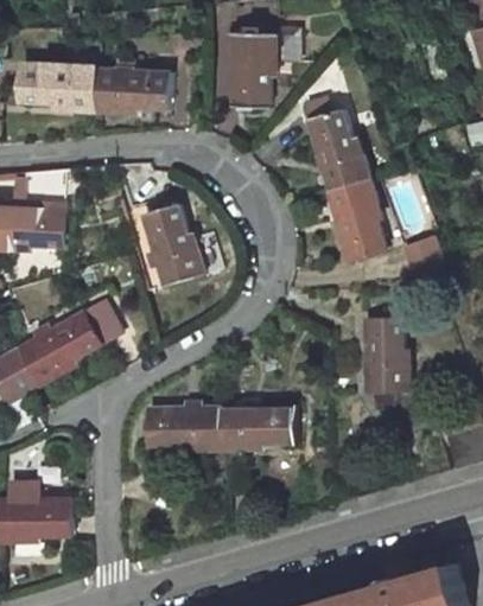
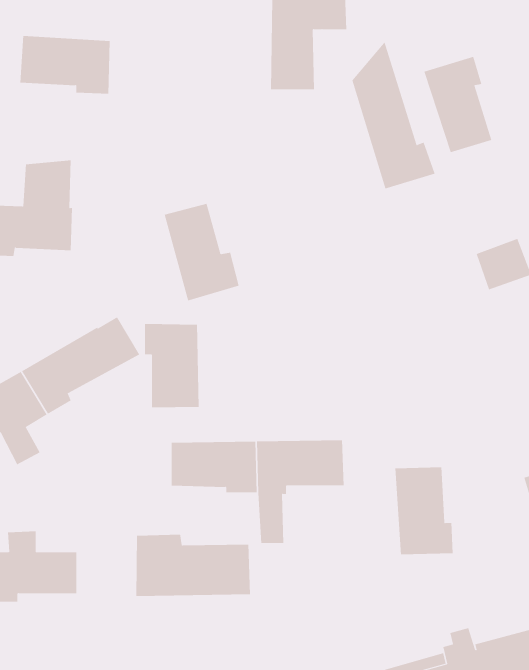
building: [94,66,167,111] -> none
building: [328,179,386,261] -> [423,56,492,153]
building: none -> [144,323,199,408]
building: [362,315,412,390] -> [395,467,453,555]
building: none -> [136,534,251,597]

